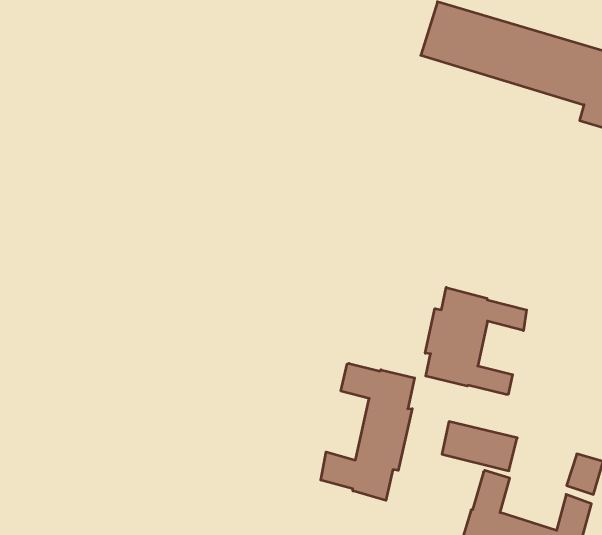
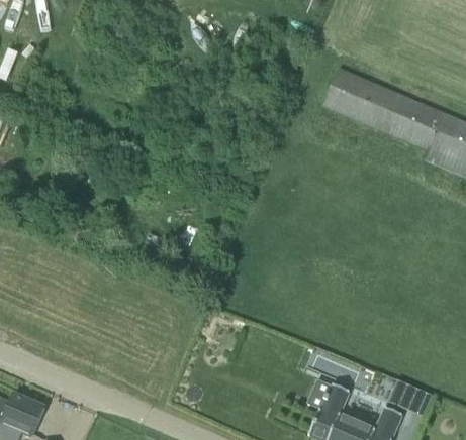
building: [425,287,527,394] -> none
building: [321,363,415,500] -> none

